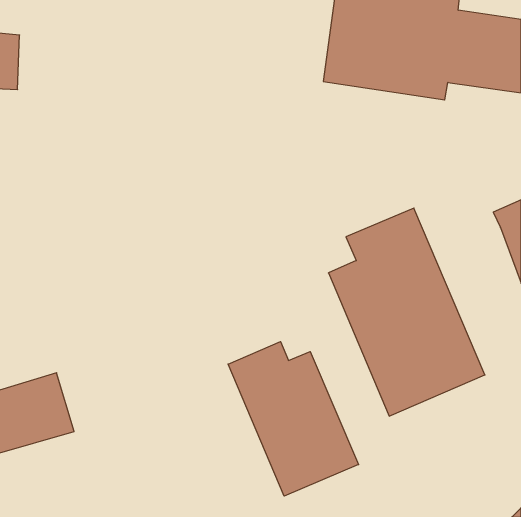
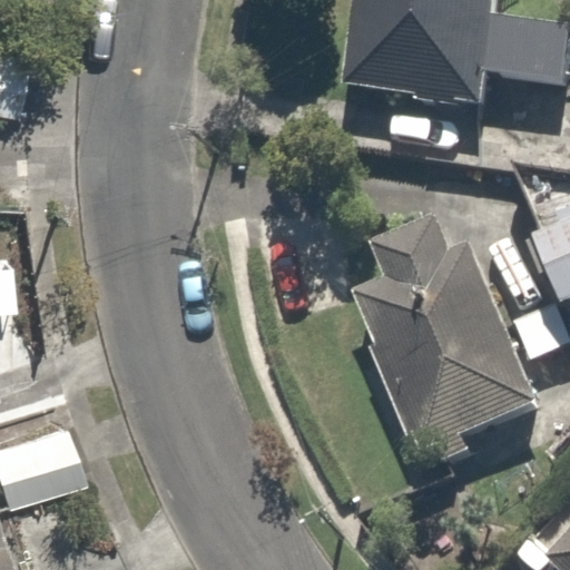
building: [228,342,359,496] -> none

